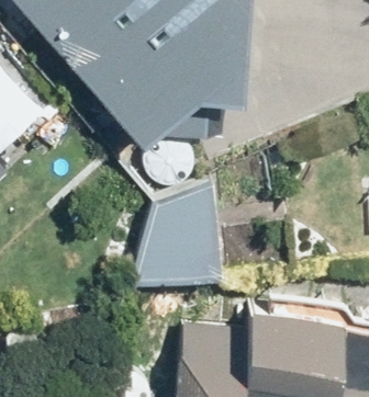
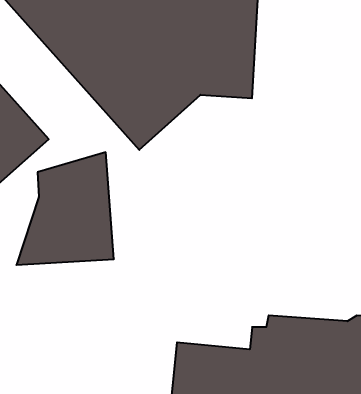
building: [127,184,219,290] -> [16,152,114,265]

